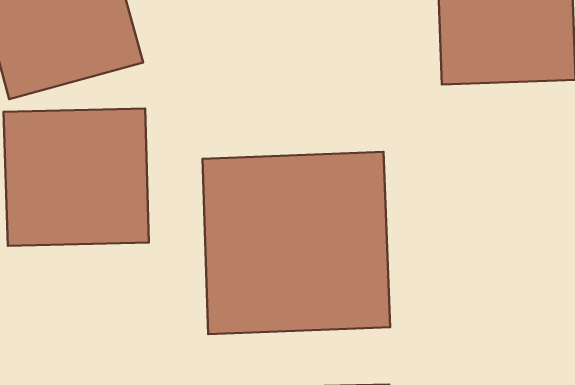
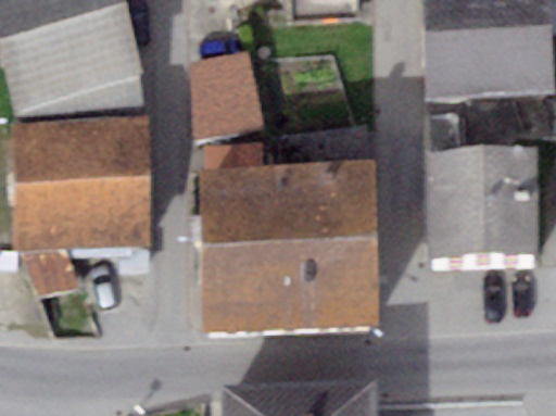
building: none -> [190,50,264,141]
building: none -> [426,150,542,256]

